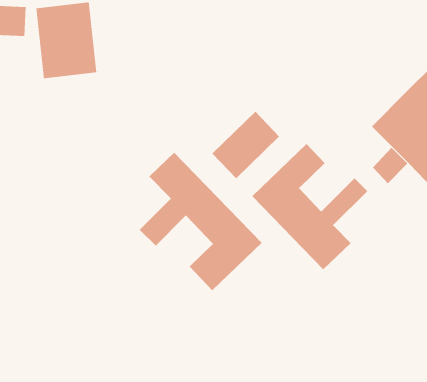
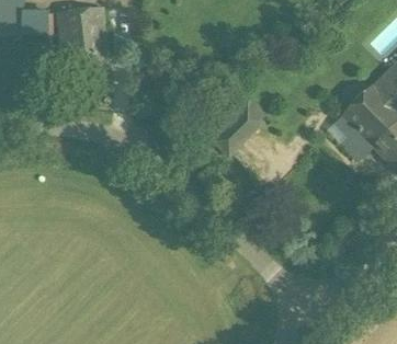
building: [251,143,368,270] -> none
building: [139,152,262,291] -> none

